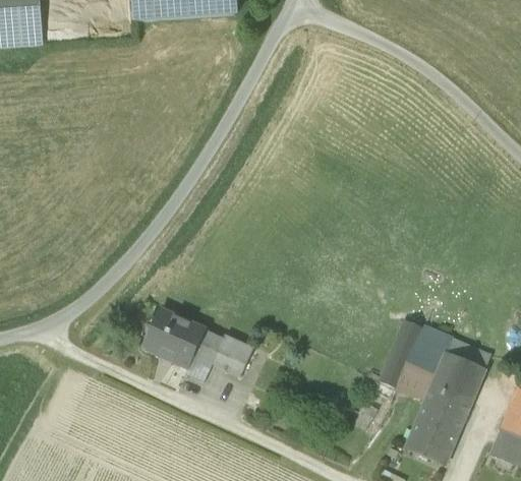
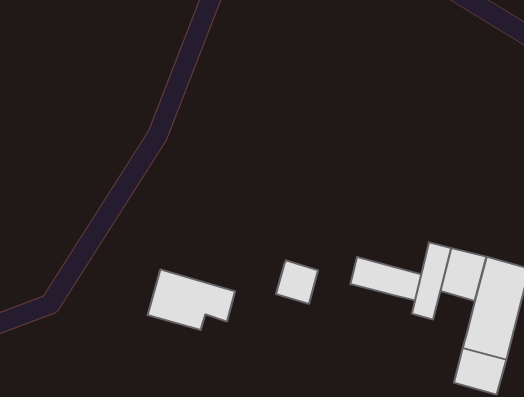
building: none -> [350,257,421,301]
building: [213,336,253,377] -> [276,260,318,304]
building: [397,365,437,403] -> none

